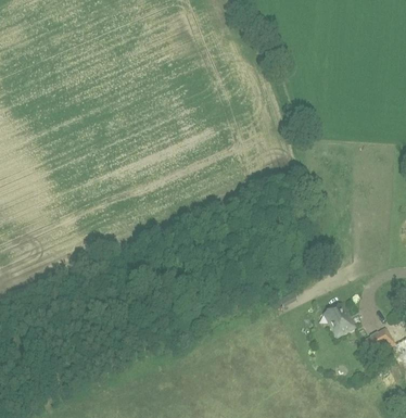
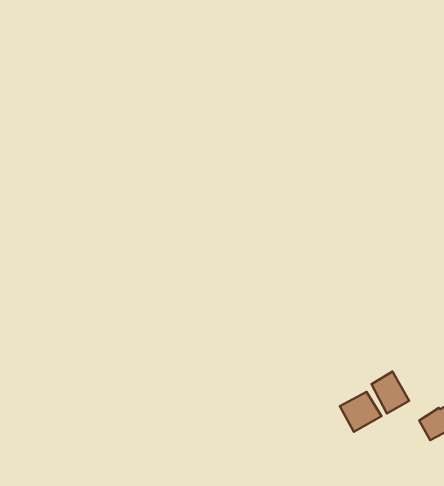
building: none -> [340,392,381,432]

